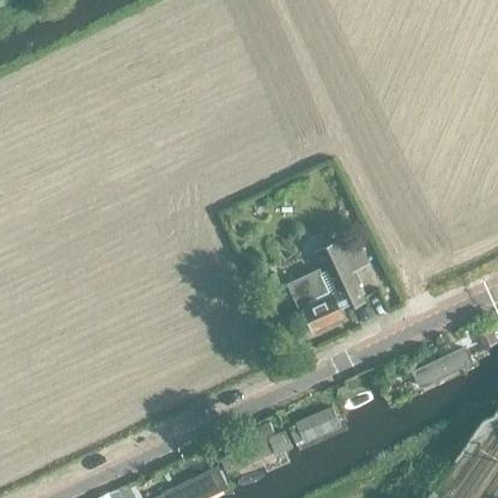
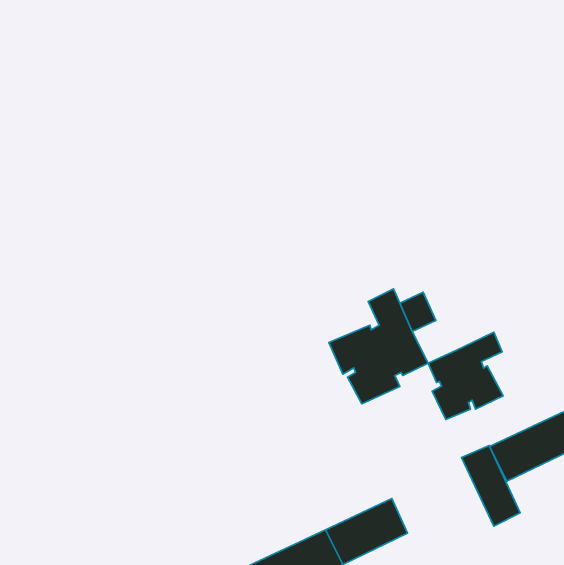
building: none -> [428,332,503,419]
building: none -> [462,445,520,526]

